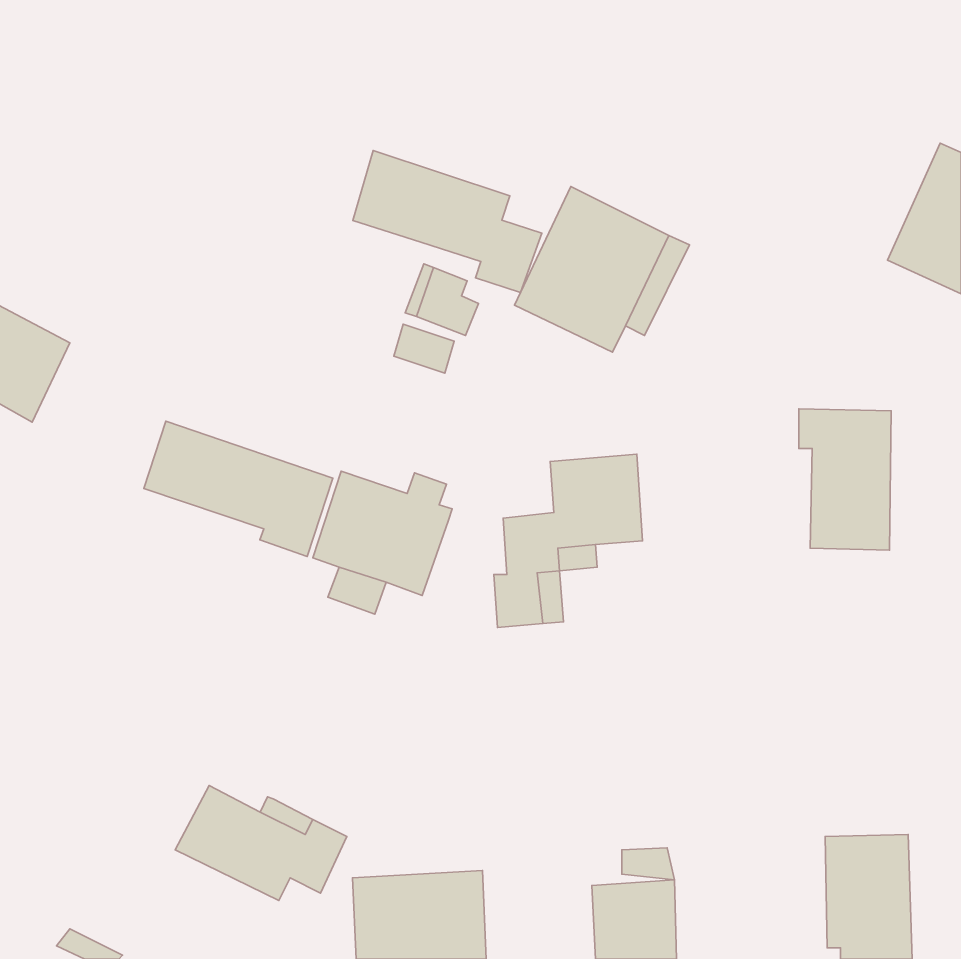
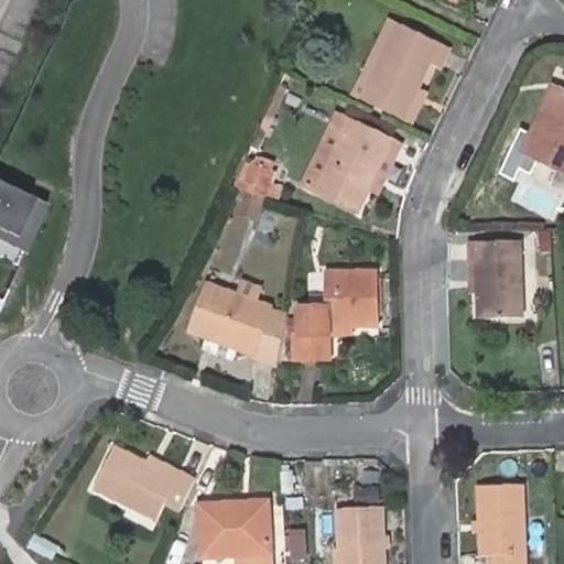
building: none -> [354,23,430,121]
building: [353,150,542,292] -> none
building: [144,421,333,556] -> none
building: none -> [245,304,284,367]

